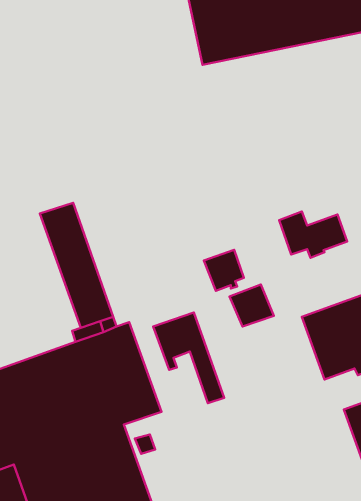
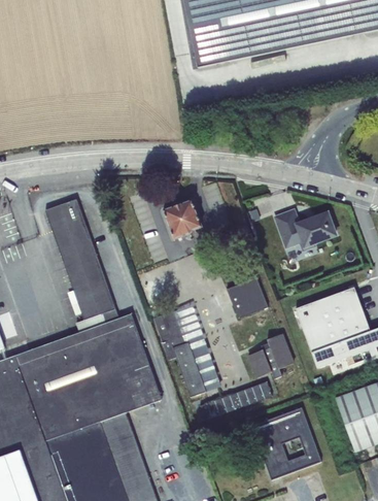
building: [204,250,244,291] -> [163,199,201,238]
building: none -> [247,333,294,378]
building: none -> [172,341,205,396]
building: none -> [200,381,272,420]
building: none -> [251,408,319,478]

